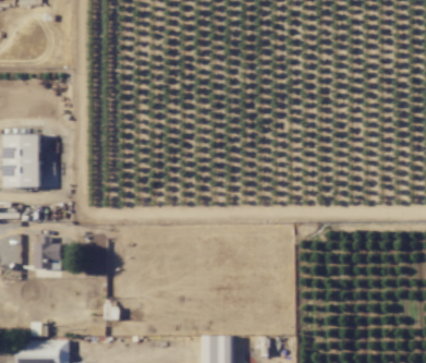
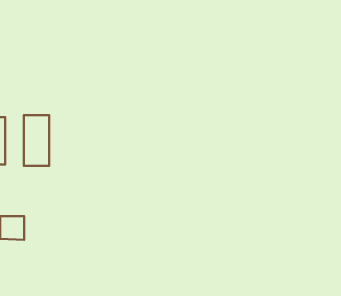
building: none -> [24,115,49,166]

